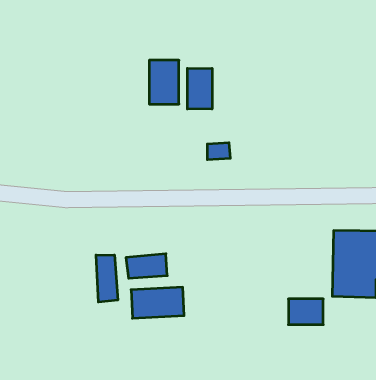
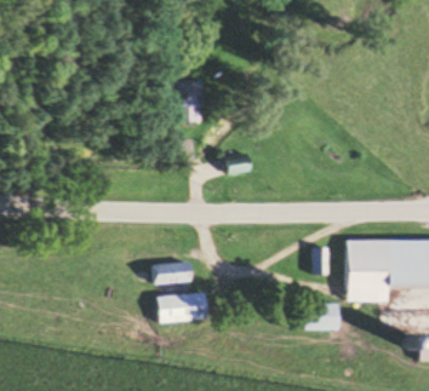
building: [187,68,212,109] -> none
building: [96,255,118,302] -> none

